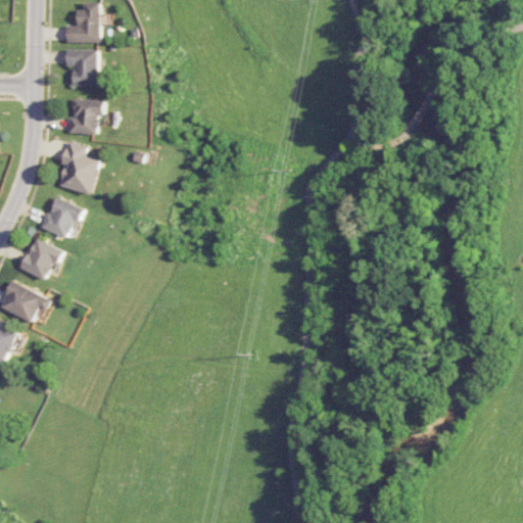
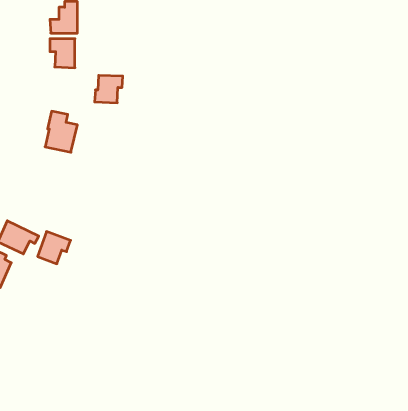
building: [66,100,102,135] -> [95,75,123,103]
building: [38,197,83,239] -> none
building: [19,239,61,280] -> [38,232,71,264]

